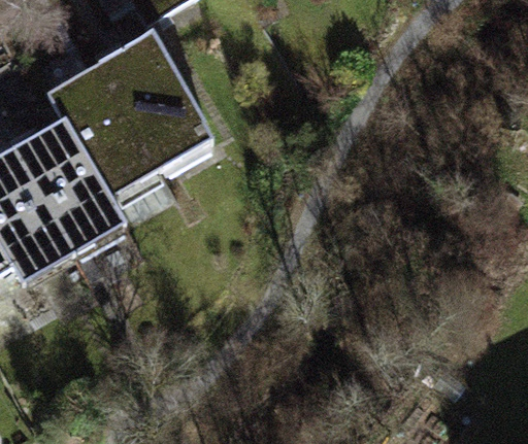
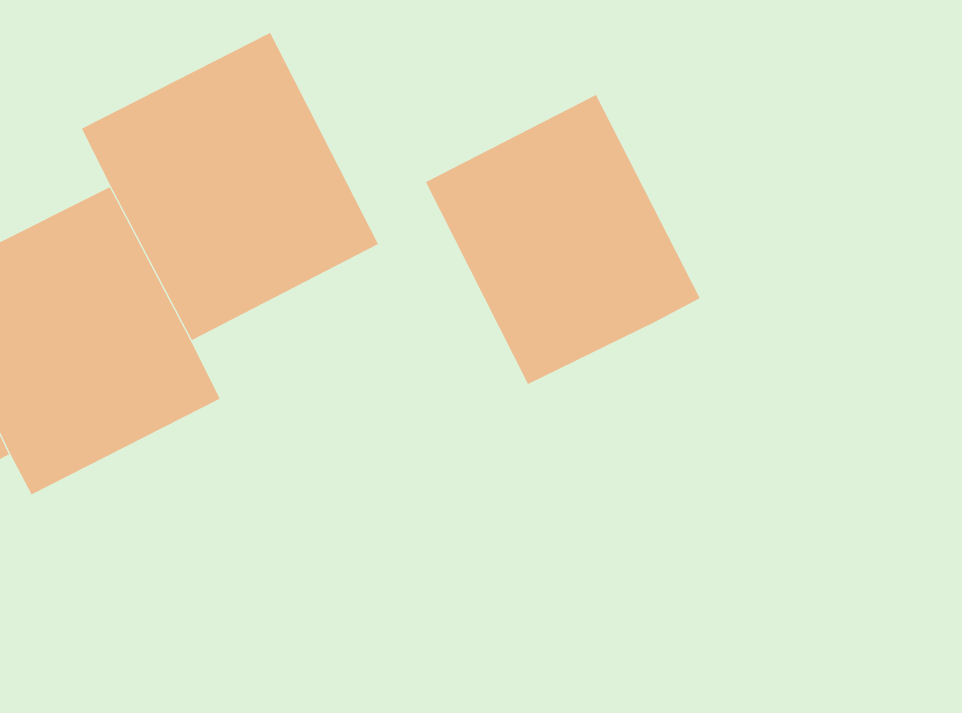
building: none -> [425,94,701,385]

